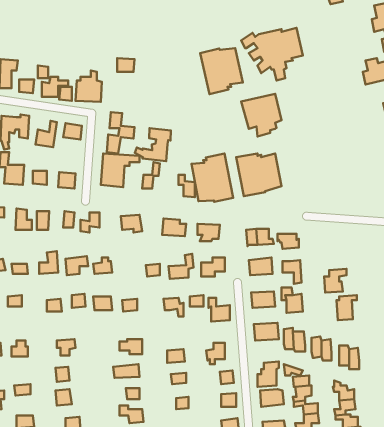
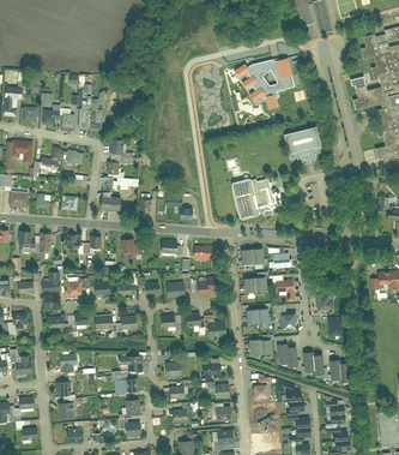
building: [200,48,243,94] -> none
building: [241,94,281,136] -> [284,126,322,167]
building: [135,128,171,161] -> none
building: [191,153,233,202] -> none

